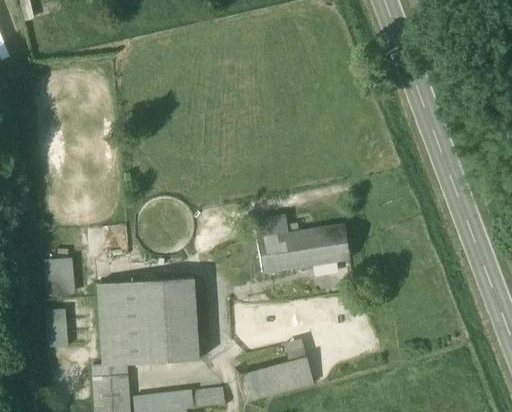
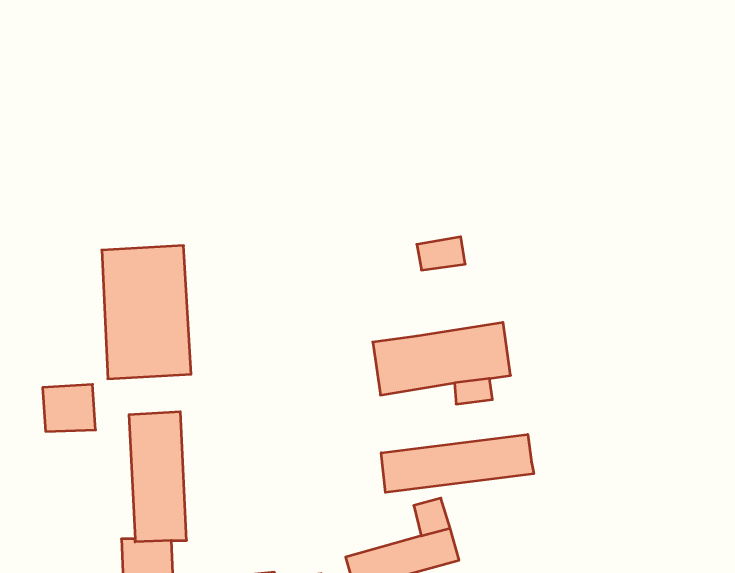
building: [256,215,288,237] -> [417,237,465,270]
building: [132,280,191,368] -> [102,246,191,379]
building: none -> [381,434,534,492]
building: [47,310,69,347] -> none

